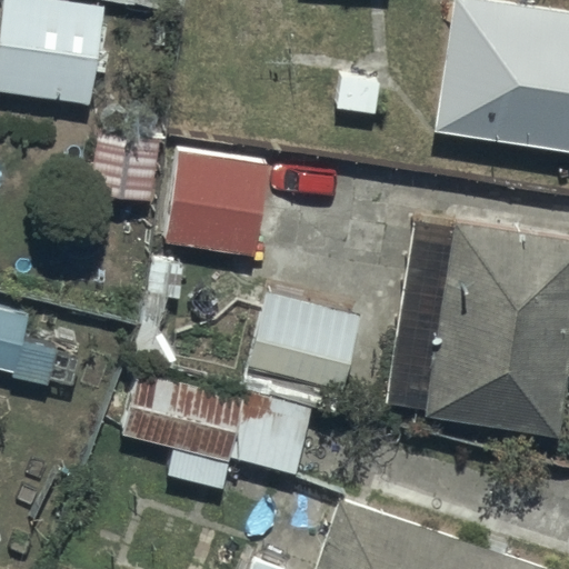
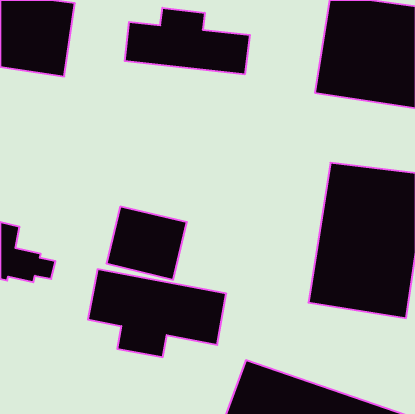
building: none -> [125,8,250,74]
building: [161,133,267,253] -> none
building: [248,292,358,392] -> [106,207,187,280]

